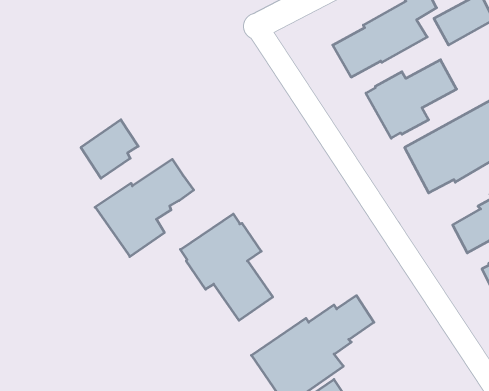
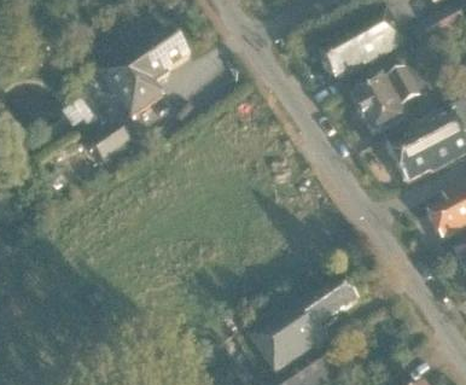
building: [95,159,194,257] -> [100,27,190,115]
building: [180,214,273,320] -> none

